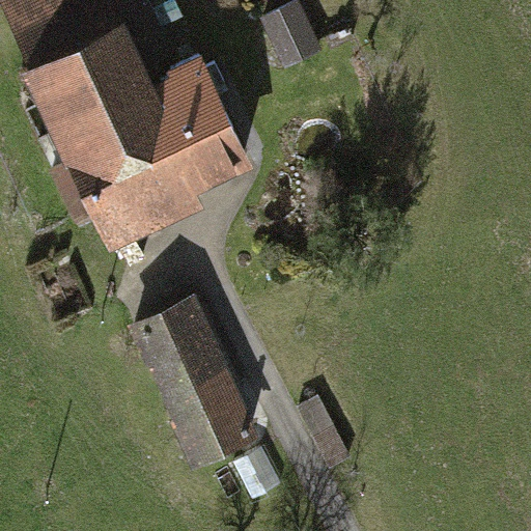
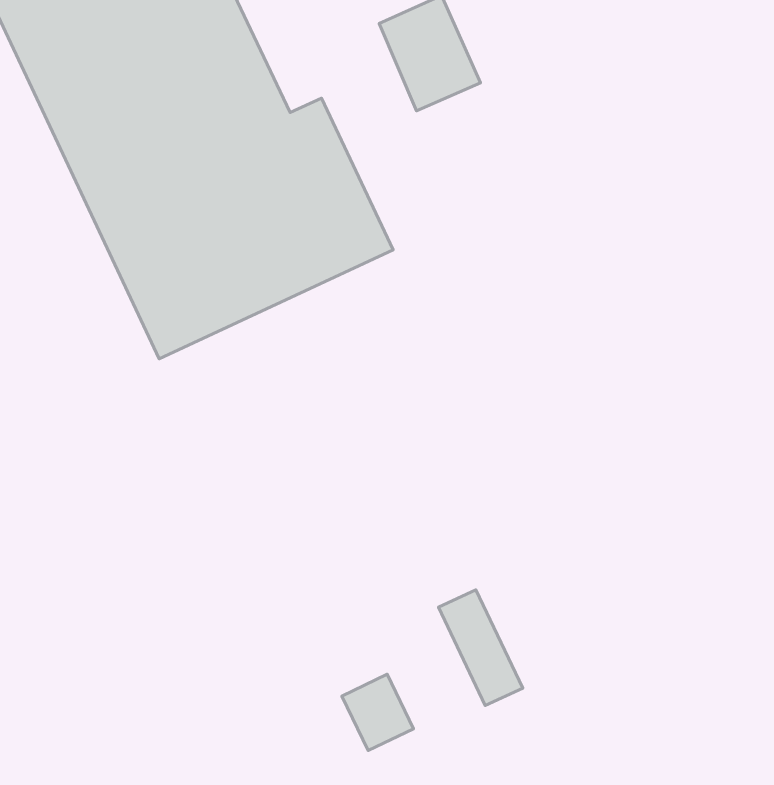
building: [129,299,258,468] -> none

